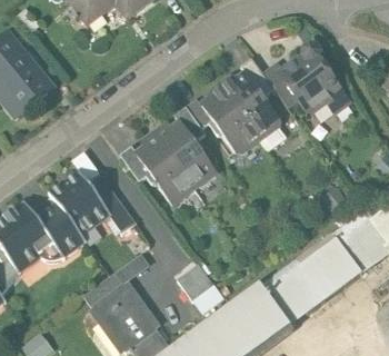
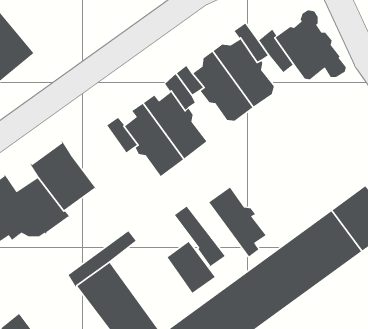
building: [88,172,137,231] -> [174,205,226,268]
building: none -> [208,186,267,258]

